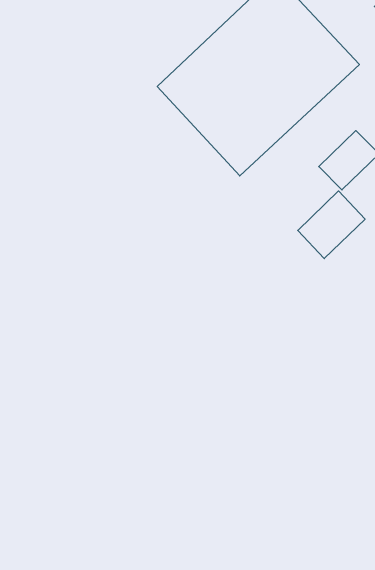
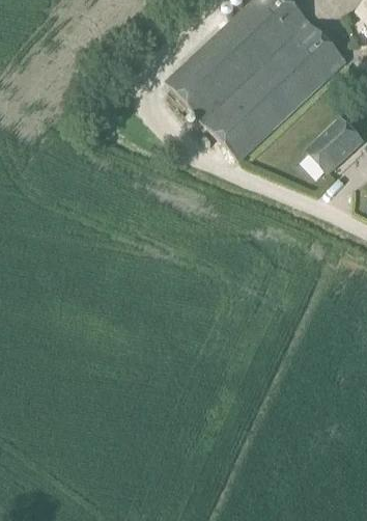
building: [298,191,365,259] -> none

